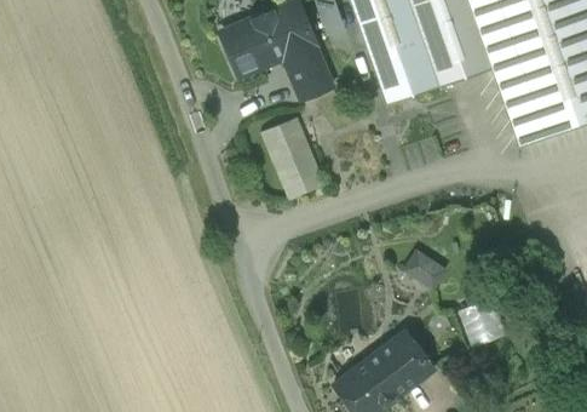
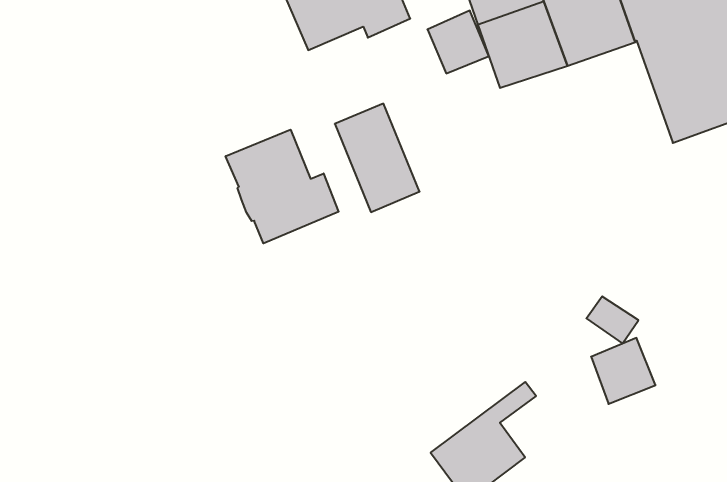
building: [286,50,333,98] -> [427,11,489,73]
building: none -> [226,130,339,243]
building: [404,251,444,287] -> [586,296,638,344]
building: [387,341,435,388] -> none

